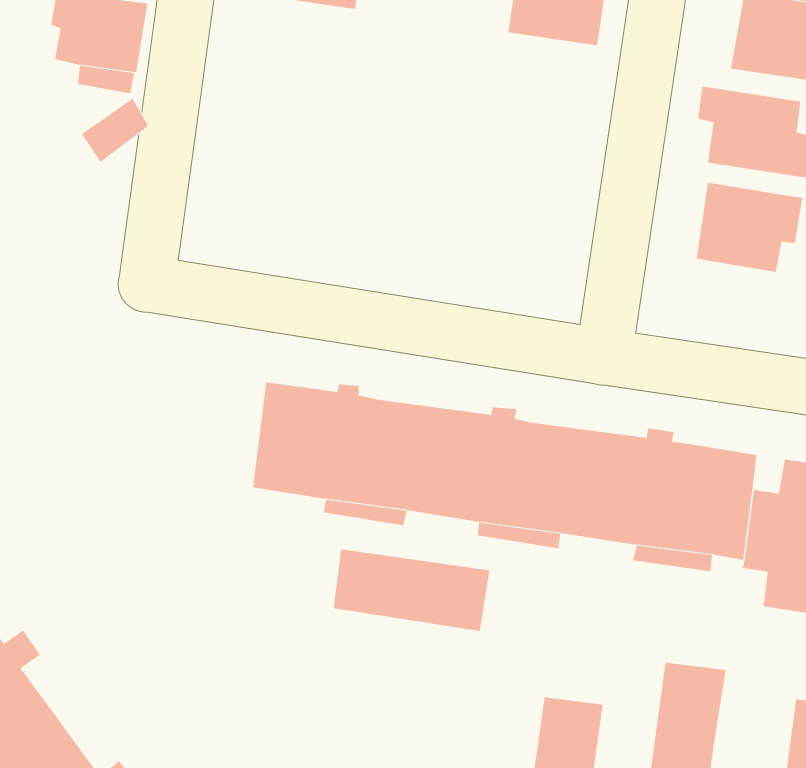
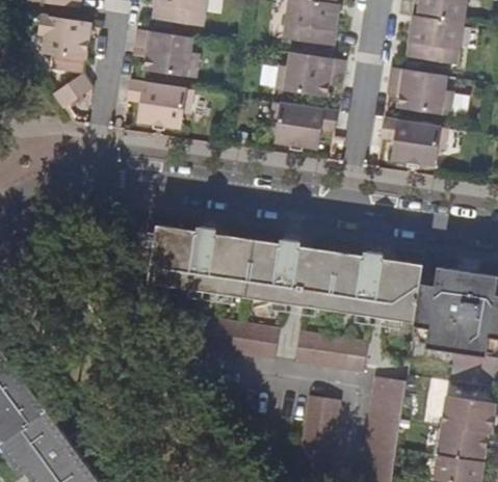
building: none -> [137,27,202,77]
building: none -> [272,50,343,97]
building: none -> [128,78,195,127]
building: none -> [272,101,335,149]
building: none -> [294,331,366,373]

